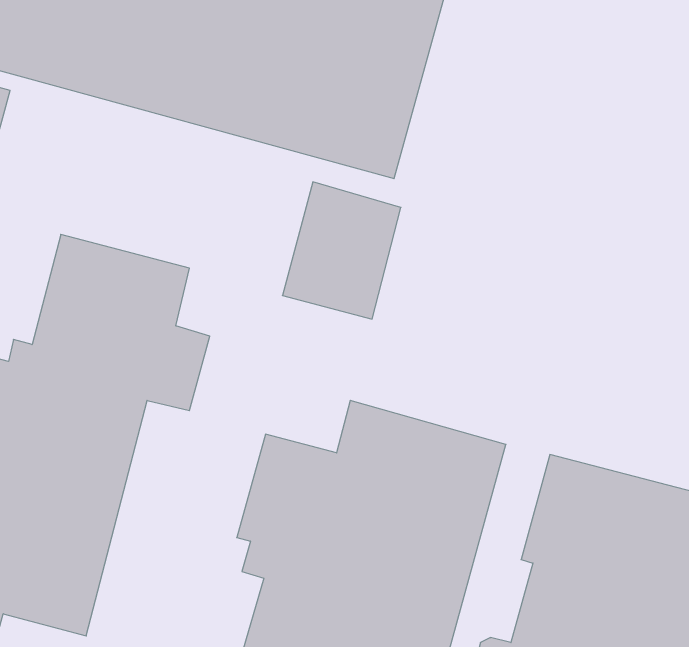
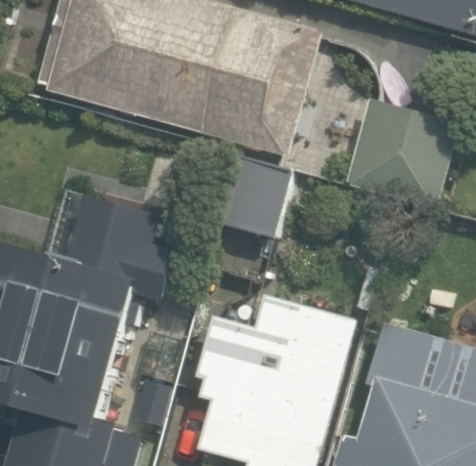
building: none -> [346,100,461,209]

